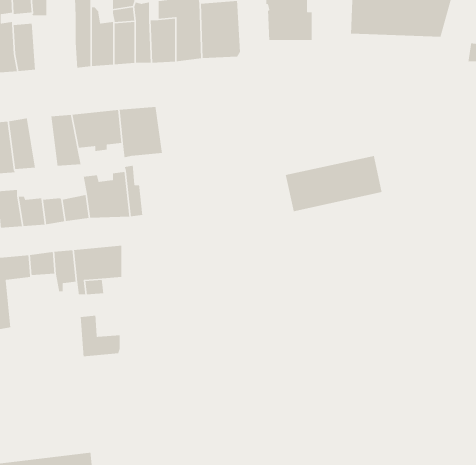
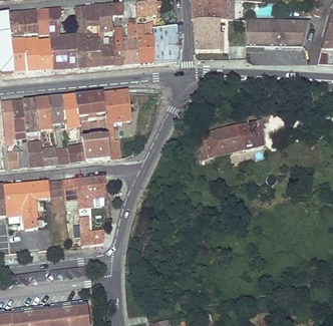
building: none -> [50,34,77,67]
building: none -> [47,95,65,127]

